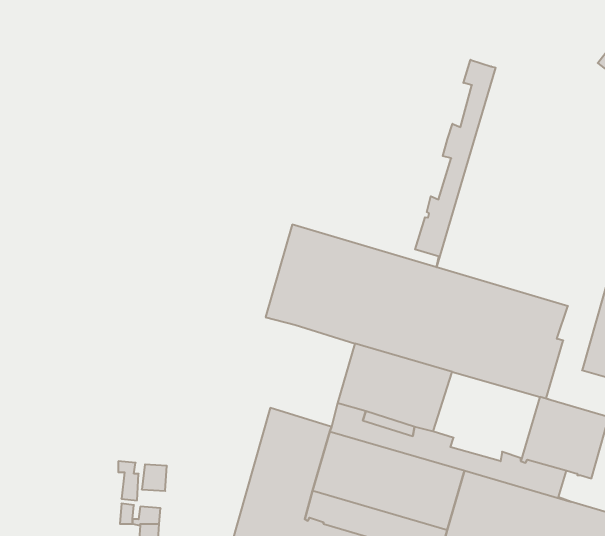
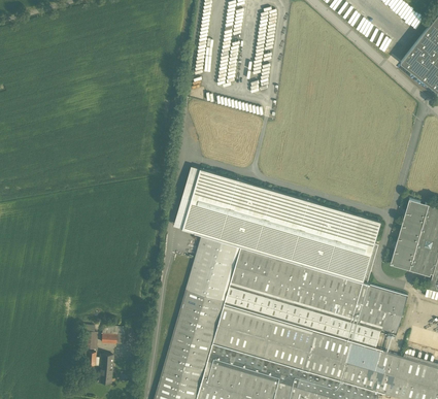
building: [415,60,496,267] -> none
building: none -> [186,235,241,302]
building: none -> [293,266,363,325]

